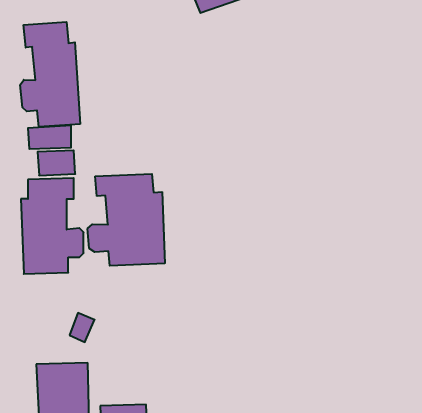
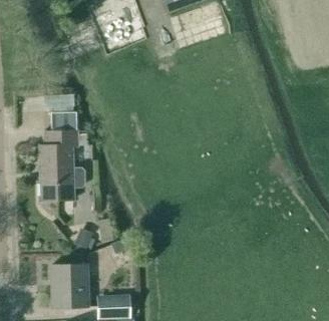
building: [20,22,80,127] -> none
building: [88,174,165,266] -> none

